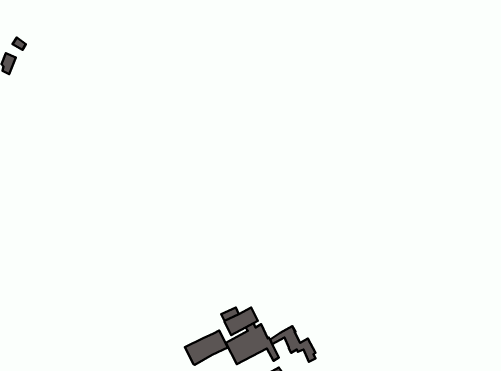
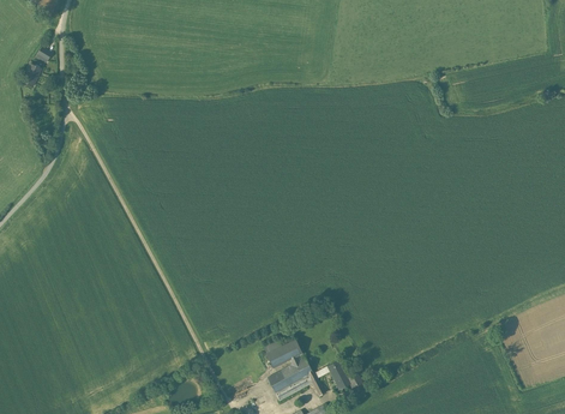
building: [185,330,228,365] -> none

